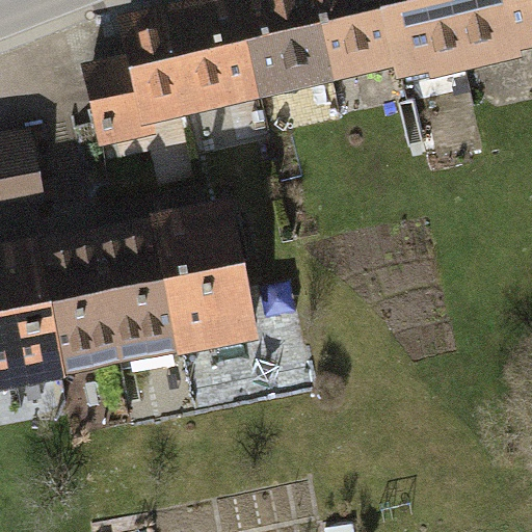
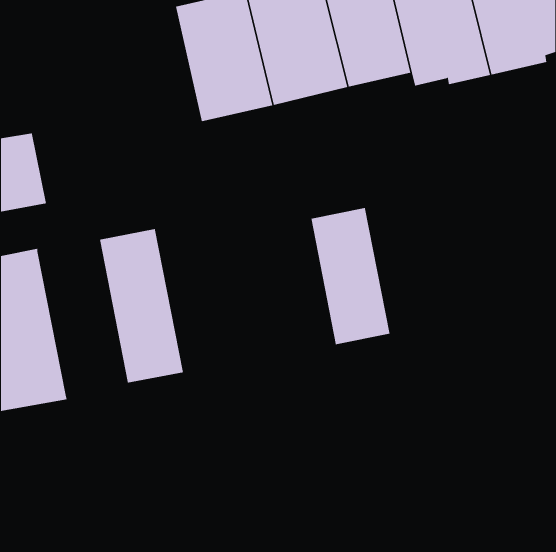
building: [80,6,192,147] -> none
building: none -> [311,207,390,345]
building: [148,200,258,358] -> none
building: [36,229,122,377] -> none

